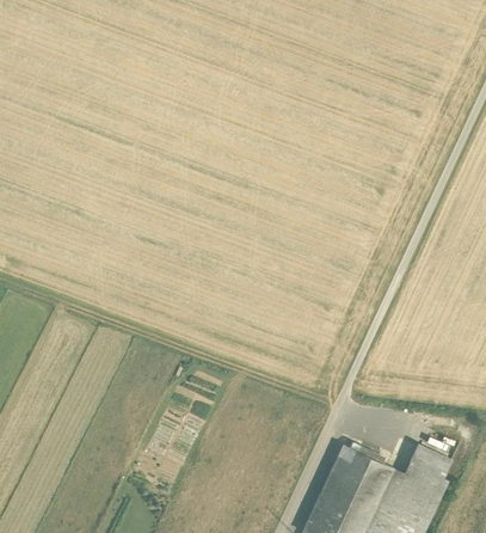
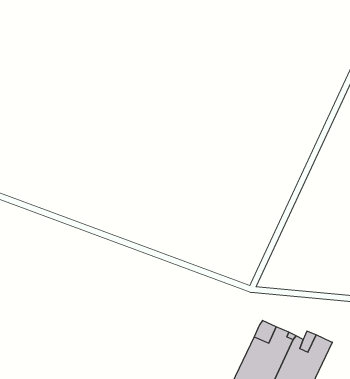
building: [407,447,448,477] -> none

